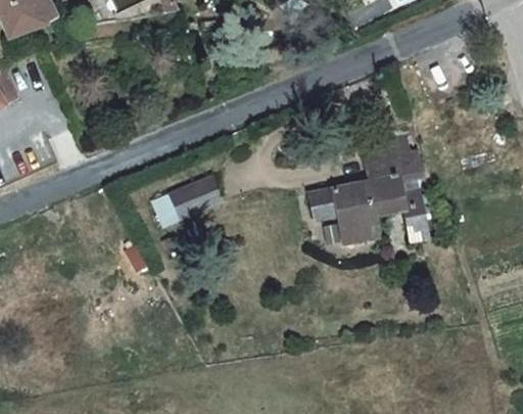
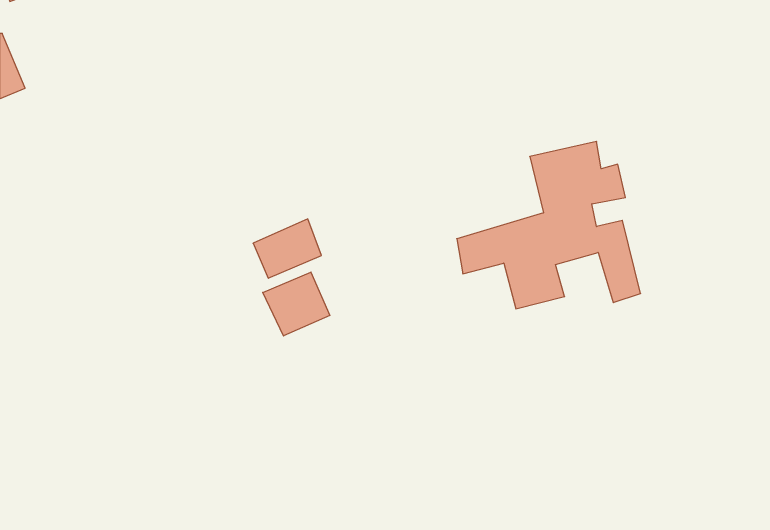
building: none -> [263,272,330,336]

